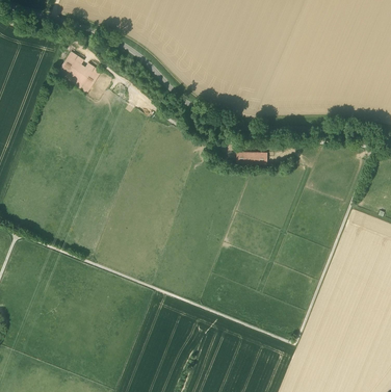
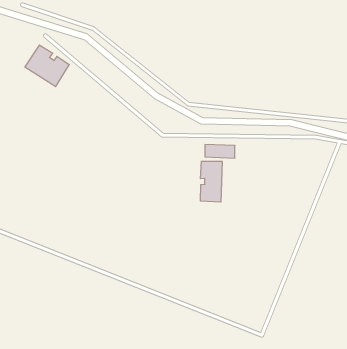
building: none -> [200,161,222,202]

